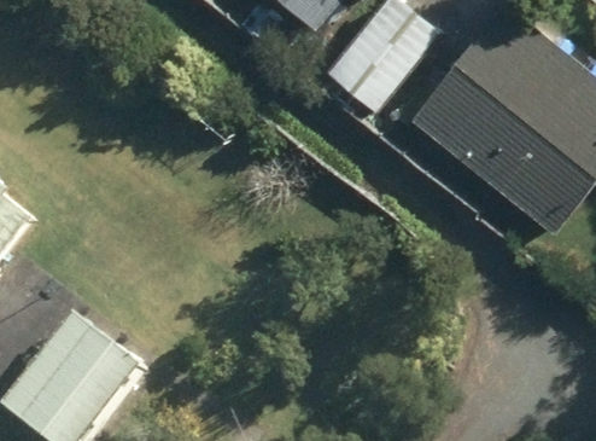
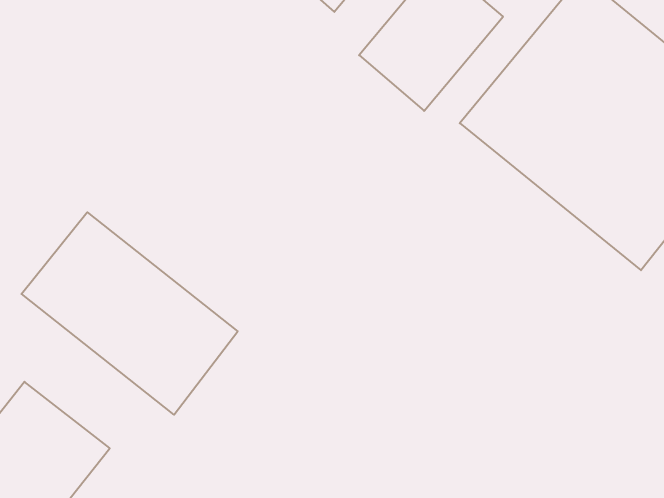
building: none -> [21,212,238,415]

